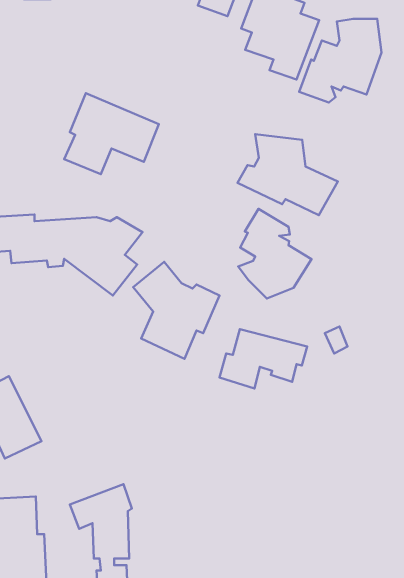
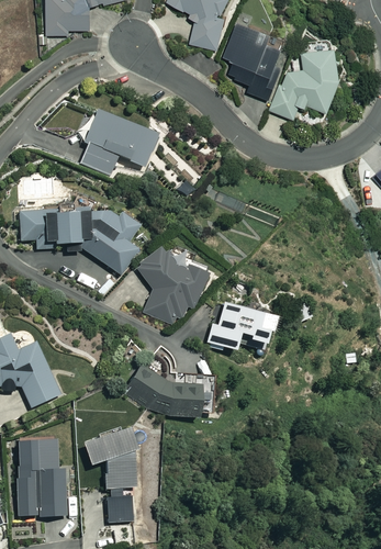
building: [238,134,338,215] -> none
building: [238,209,311,299] -> none
building: none -> [124,367,202,417]

